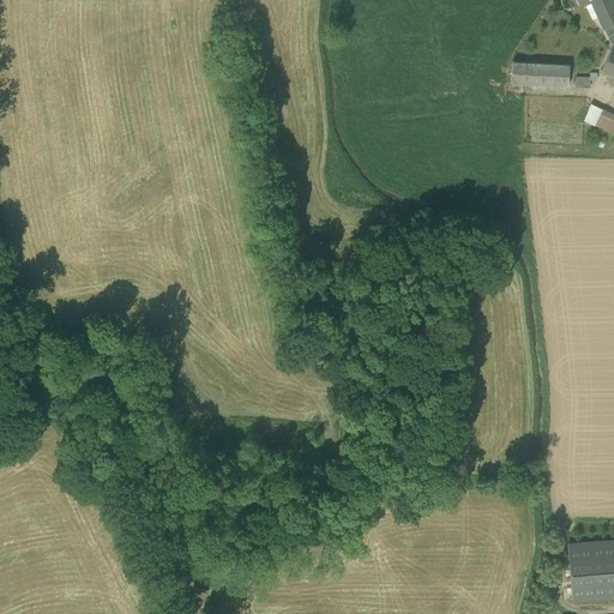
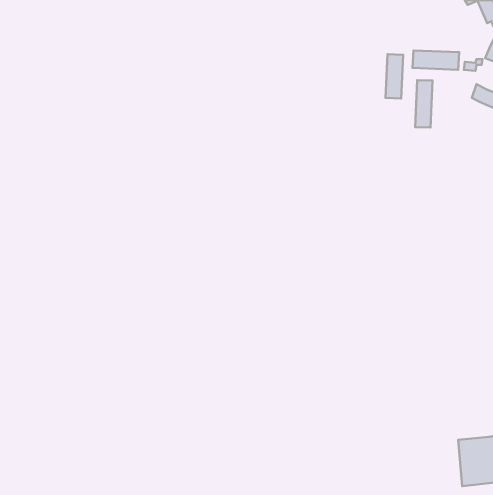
building: none -> [385,54,403,98]
building: none -> [415,80,433,127]

